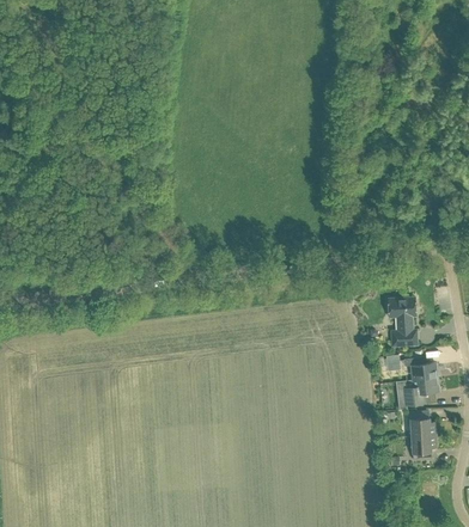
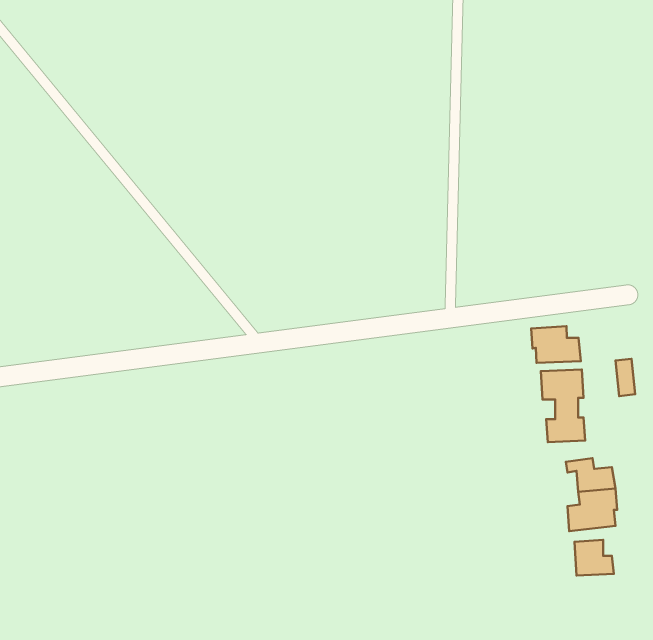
building: none -> [531,326,581,363]
building: [410,435,436,460] -> none

